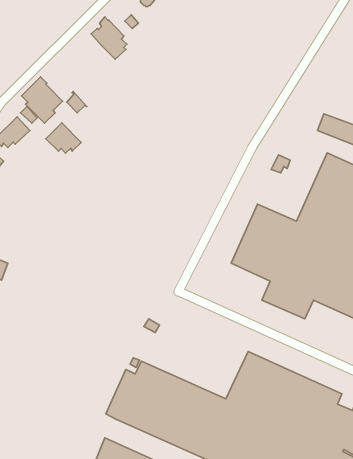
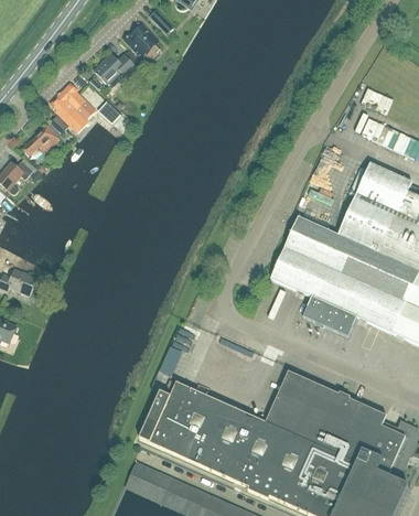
building: none -> [94,49,142,84]
building: [46,123,81,153] -> none

